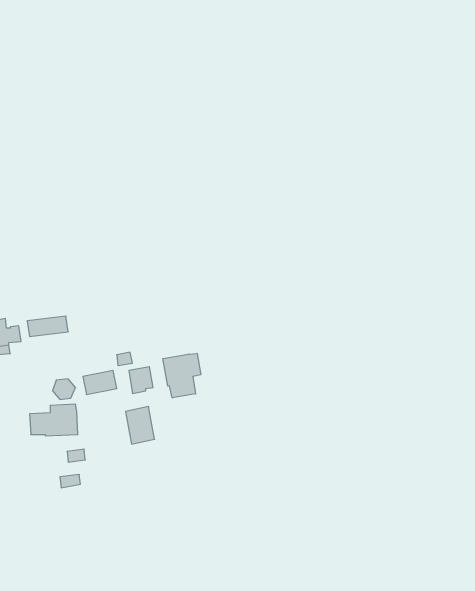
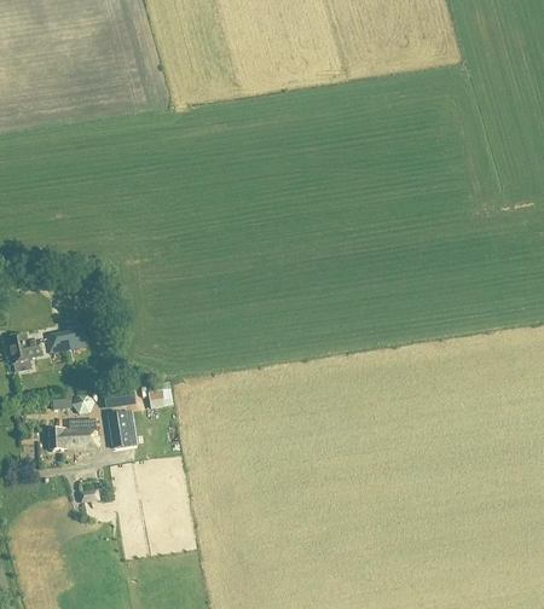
building: [163,353,201,398] -> none
building: [126,407,155,444] -> [106,408,135,446]

